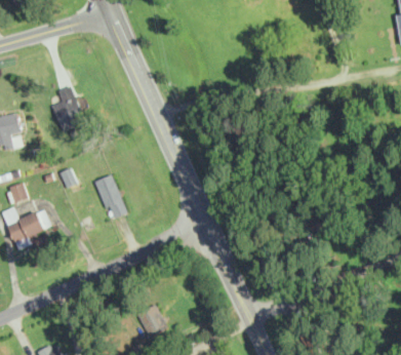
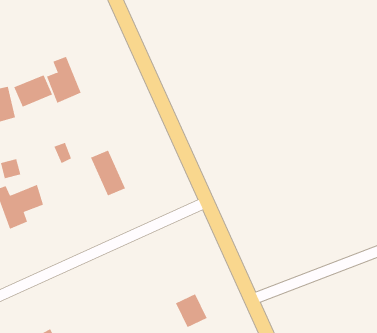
building: none -> [14,75,53,107]
building: [137,306,168,339] -> [175,293,208,328]

